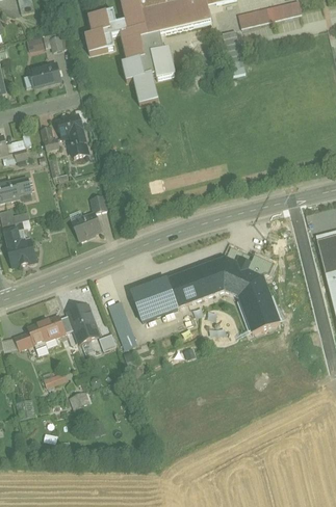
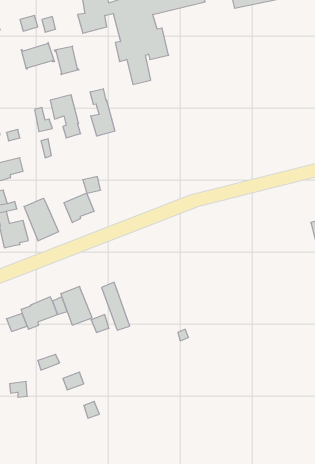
building: none -> [54,46,79,75]
building: none -> [90,89,115,136]
building: none -> [24,198,58,241]
building: [130,255,280,330] -> none

